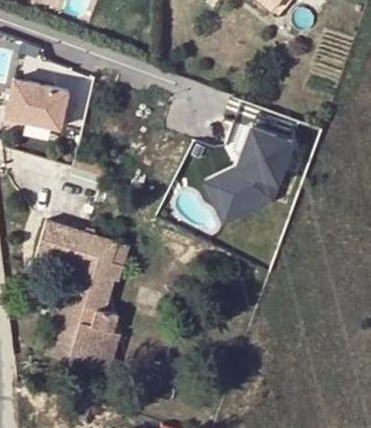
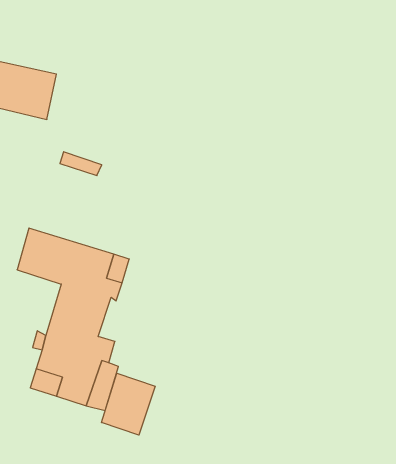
building: [211,120,300,220] -> none
building: none -> [102,373,155,435]

